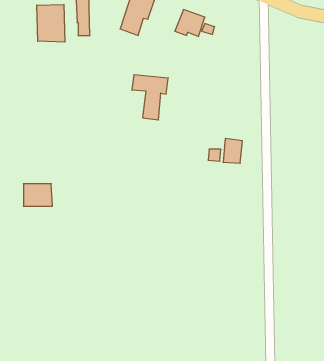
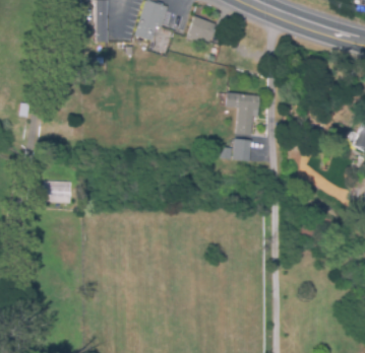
building: [37,4,65,42] -> none
building: [132,75,168,120] -> [226,92,260,135]

